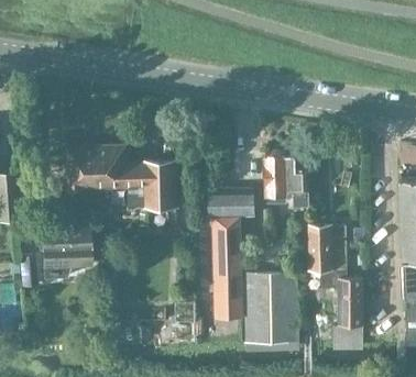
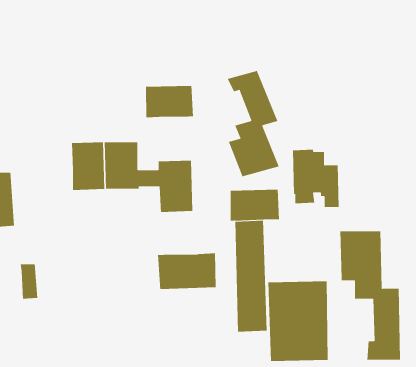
building: none -> [227,70,279,177]
building: none -> [145,85,193,118]
building: [41,228,89,270] -> none
building: none -> [158,253,216,290]

